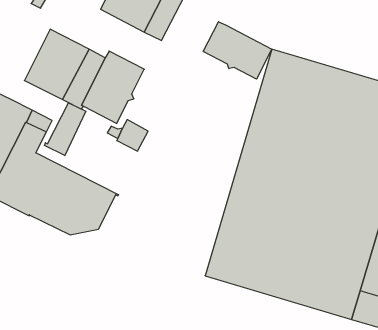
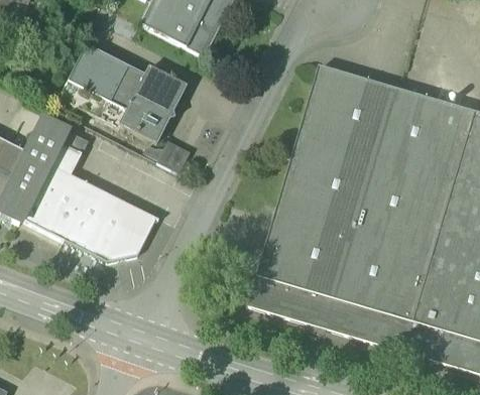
building: [203,22,272,79] -> none
building: [45,103,86,156] -> none

